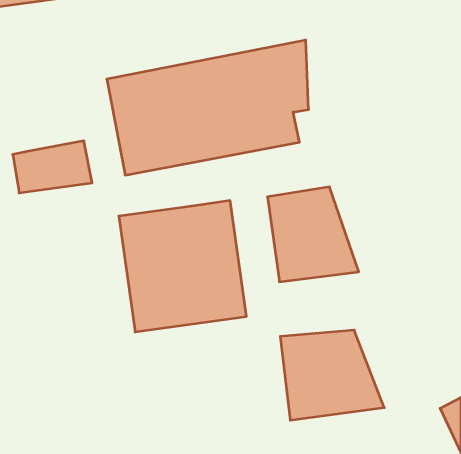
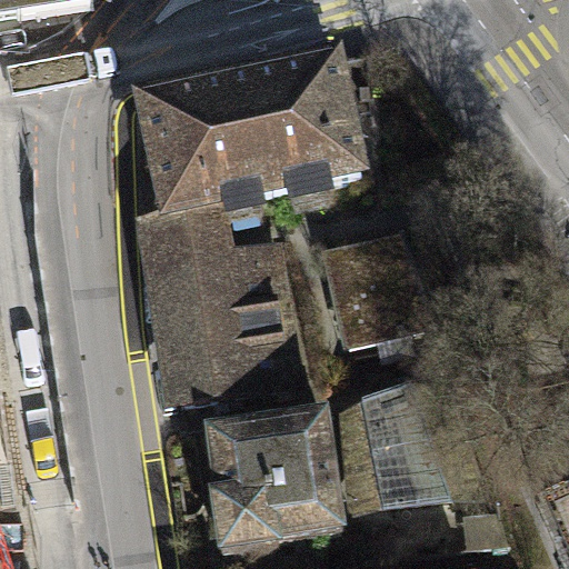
building: [13,141,92,193] -> [137,200,233,263]
building: none -> [201,406,342,546]

